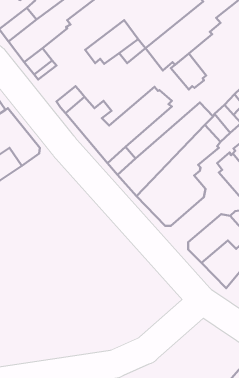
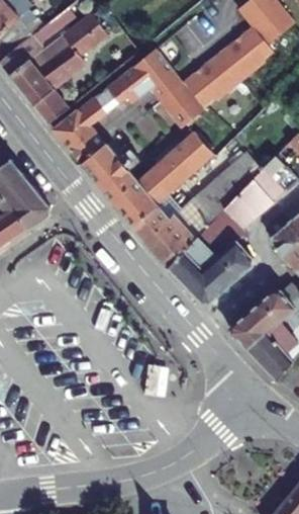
building: [171,53,206,90] -> [158,85,201,130]
building: none -> [53,97,105,151]

